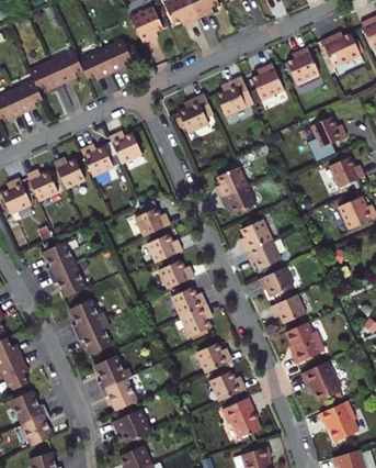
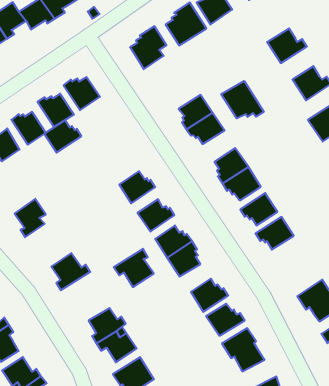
building: none -> [221,81,264,118]
building: [134,203,169,233] -> [44,120,81,153]
building: [49,267,86,298] -> none
building: [76,320,113,355] -> [114,249,154,287]
building: [285,322,324,363] -> none

